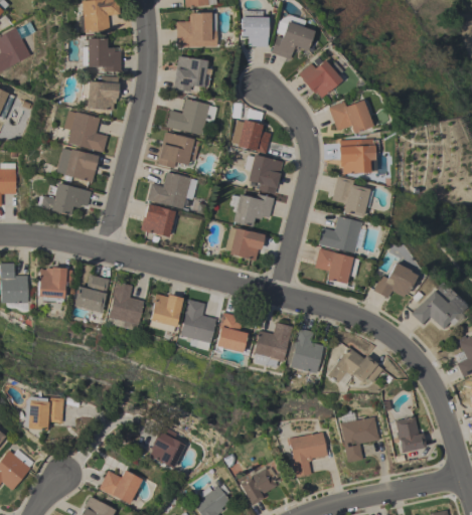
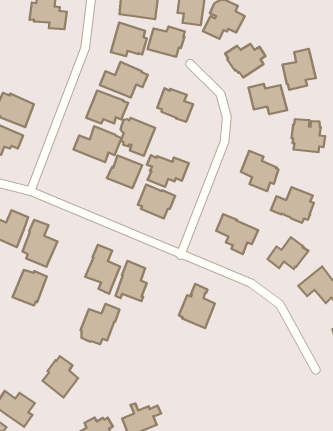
building: none -> [148,26,185,57]
building: none -> [282,49,316,90]
building: [80,75,119,110] -> none
building: [63,110,108,152] -> none
building: [339,139,375,173] -> [291,119,325,152]
building: [246,154,283,193] -> [120,118,155,156]
building: [140,203,176,236] -> [107,156,142,188]
building: [319,215,364,252] -> [271,187,314,223]
building: [148,294,182,331] -> [13,270,47,306]
building: [253,322,292,366] -> [80,304,120,344]
building: [328,346,382,386] -> none
building: [341,410,379,462] -> none
building: [396,416,426,452] -> none
building: [288,432,328,477] -> none

